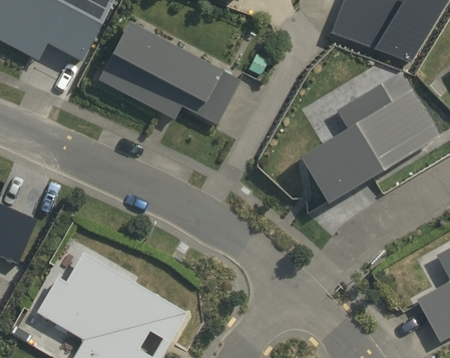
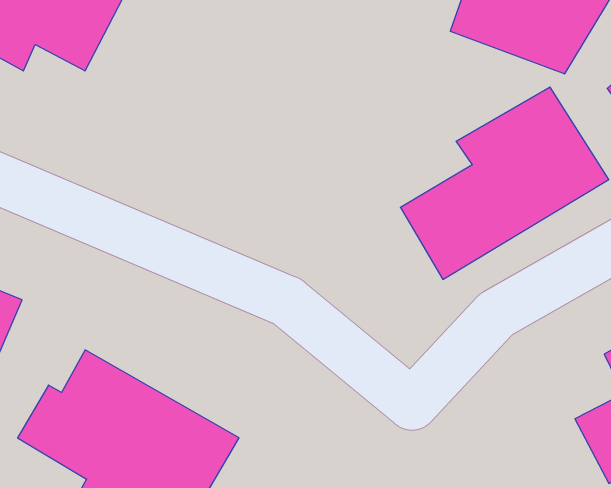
building: [98,20,243,124] -> none

